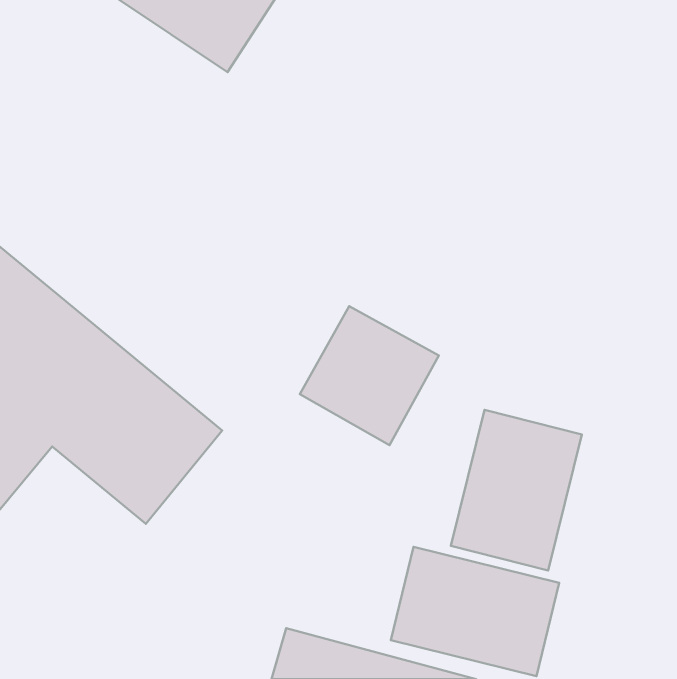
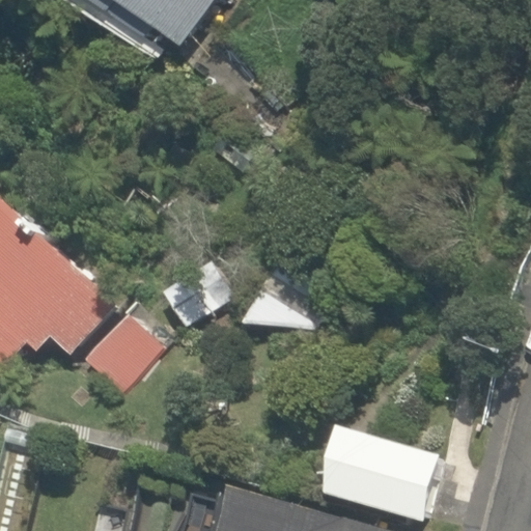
building: [451,410,582,570] -> none

